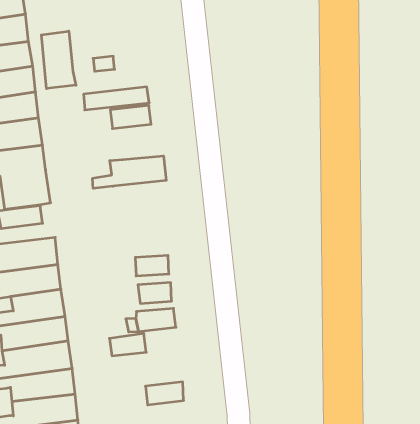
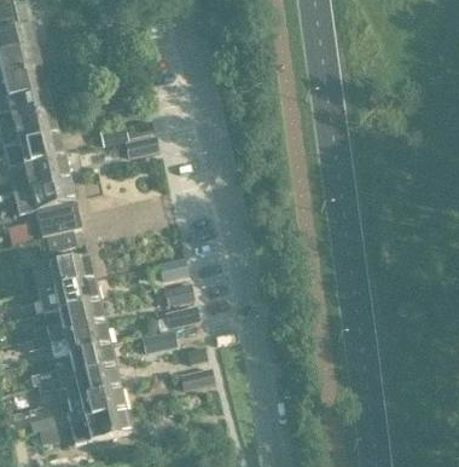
building: [41,31,76,89] -> none
building: [93,156,166,188] -> none

